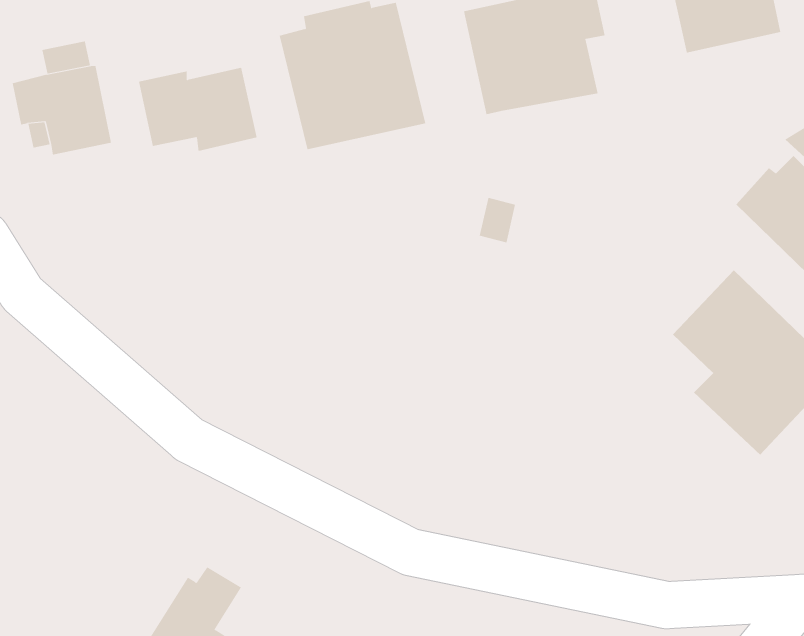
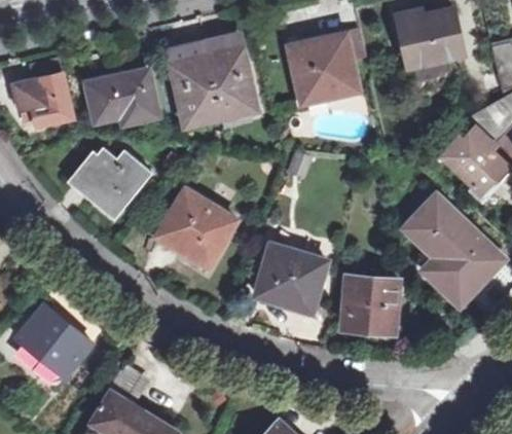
building: none -> [81,152,152,214]
building: none -> [161,188,240,269]
building: none -> [258,245,328,308]
building: none -> [345,277,398,330]
building: none -> [20,306,94,377]

